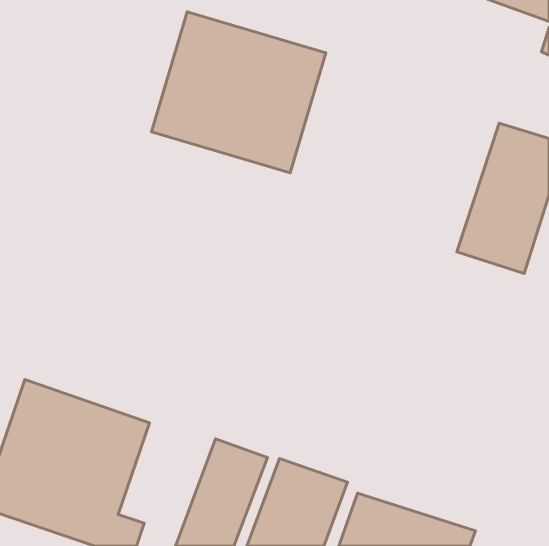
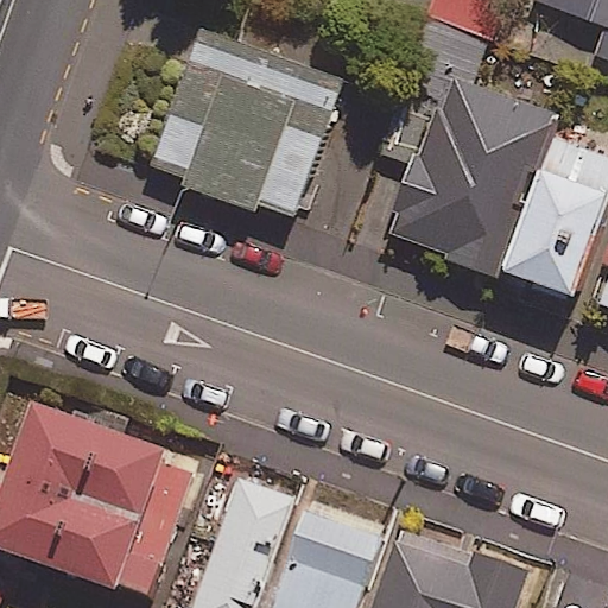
building: none -> [387,76,555,277]

